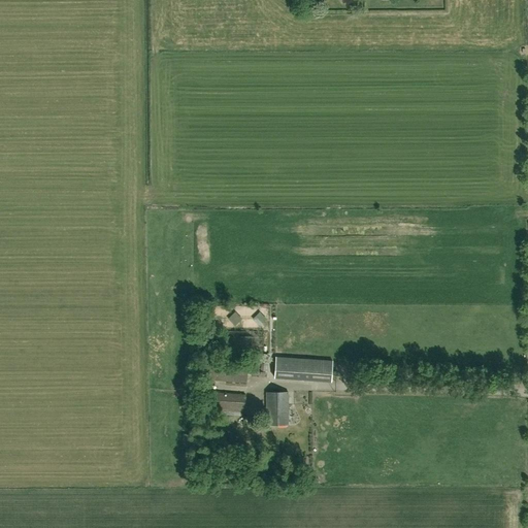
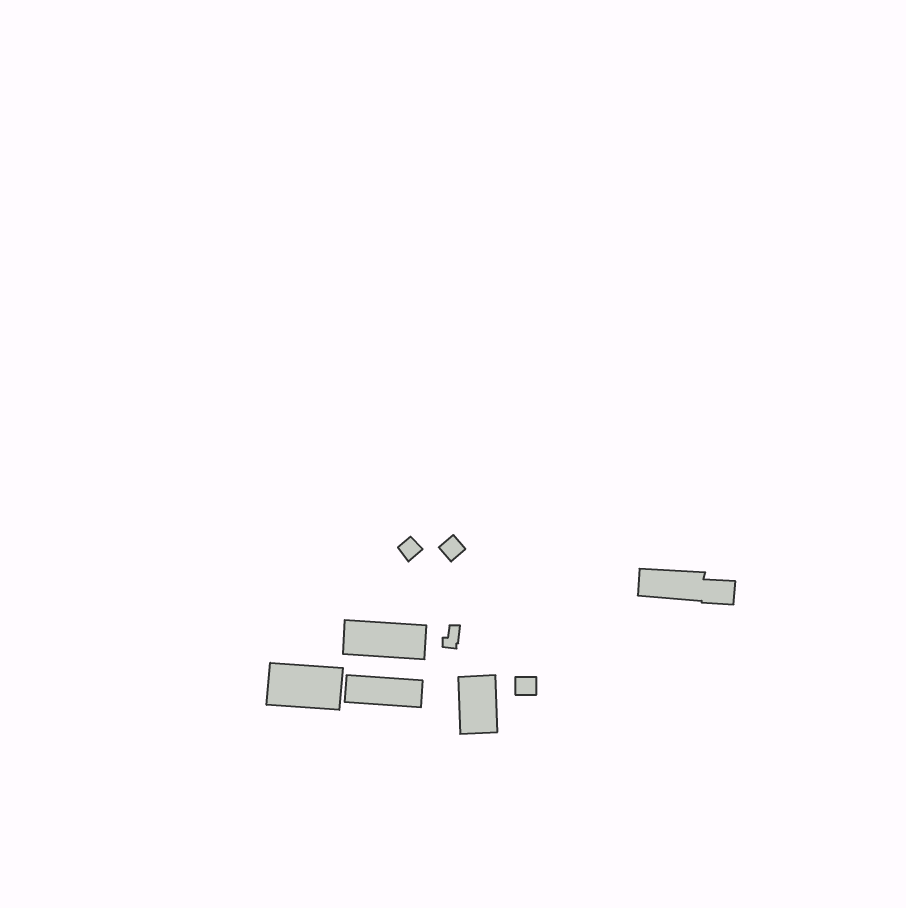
building: [275,362,332,383] -> [638,569,735,604]
building: none -> [267,663,343,710]

